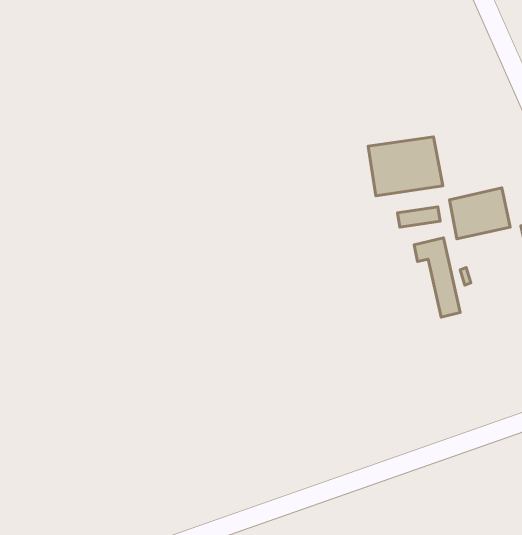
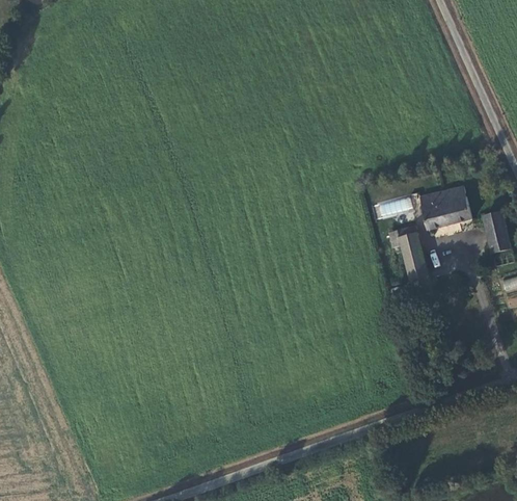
building: [368,137,443,196] -> none

